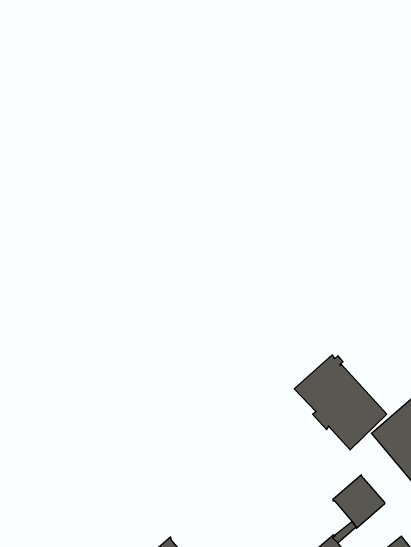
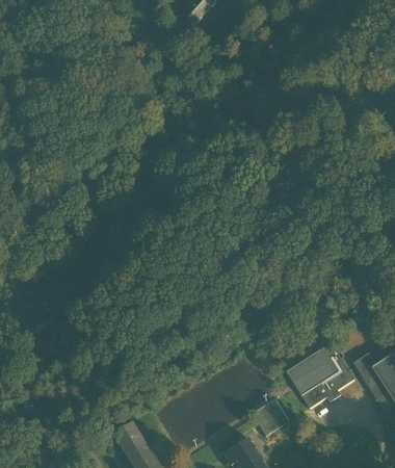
building: [294,355,387,450] -> none

